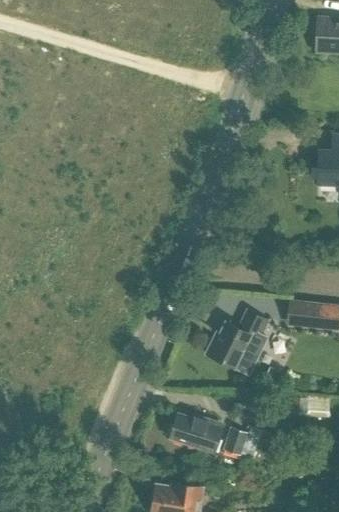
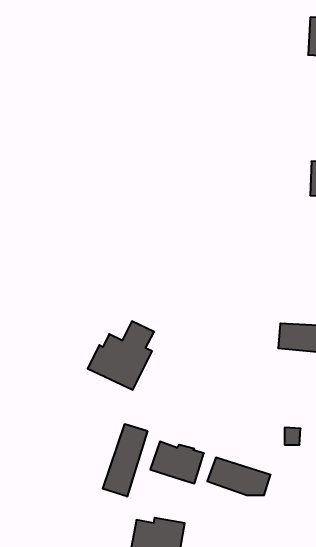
building: [205,310,267,374] -> [88,321,154,390]
building: none -> [103,424,147,497]

